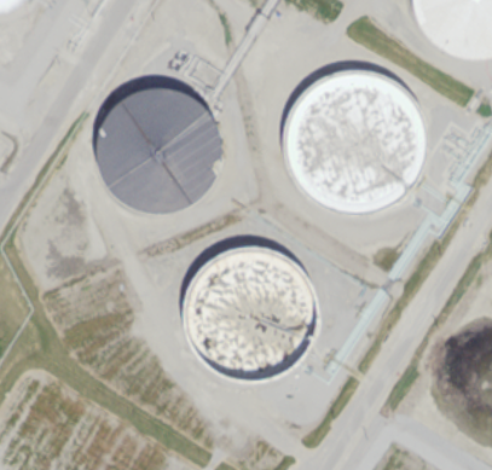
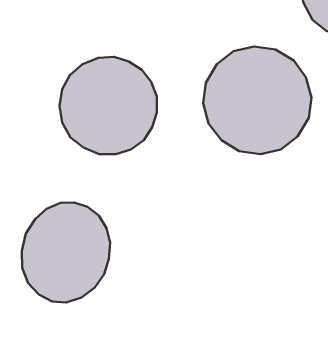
building: [189,248,314,375] -> none
building: none -> [22,203,110,303]

